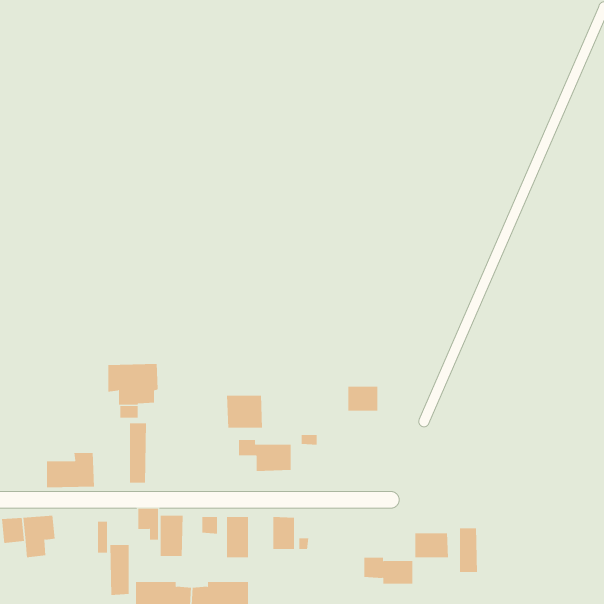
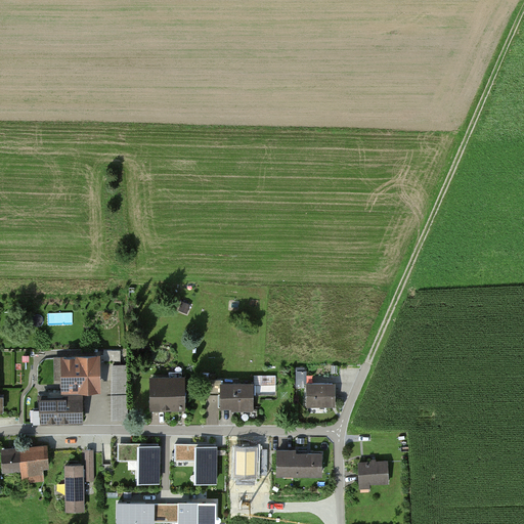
building: [108,364,159,405] -> [54,356,98,392]
building: [347,386,378,411] -> [306,385,333,406]
building: [226,395,263,428] -> [150,380,182,408]
building: [460,528,478,573] -> none
building: [109,544,129,595] -> [63,466,81,510]
building: [364,557,413,584] -> [277,451,320,475]

